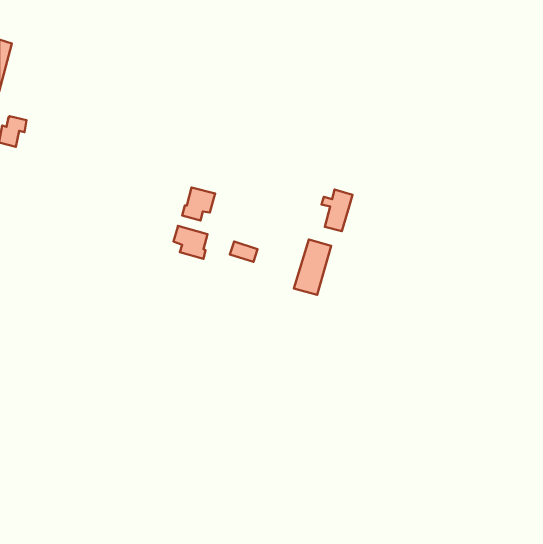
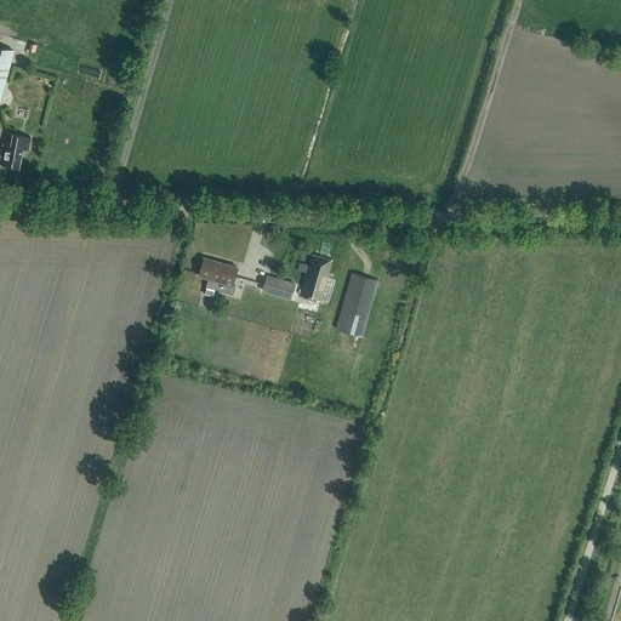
building: [182,188,215,221] -> none
building: [322,190,352,231] -> [296,253,331,301]

